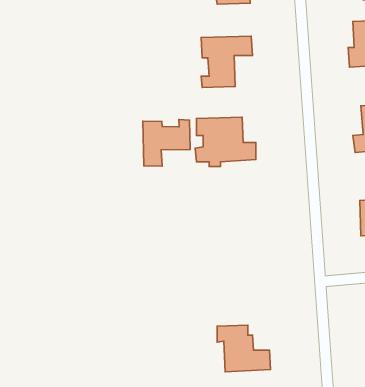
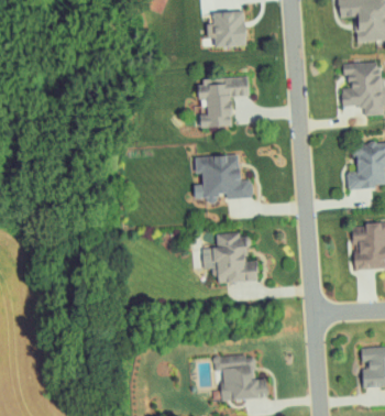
building: [143,120,190,166] -> none
building: none -> [215,233,257,282]

